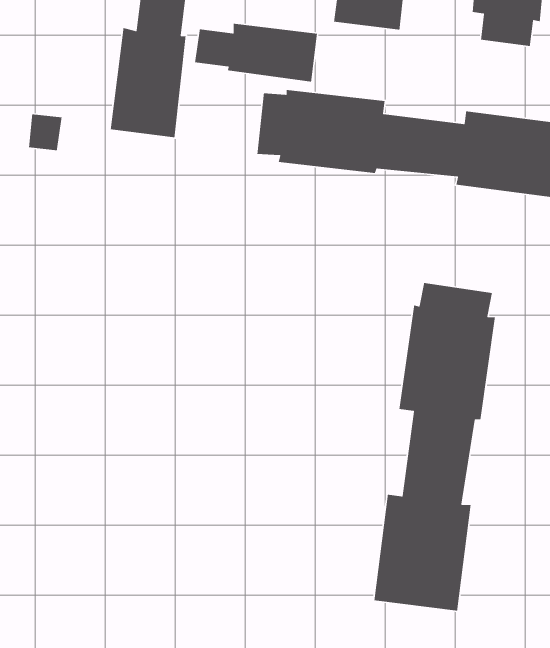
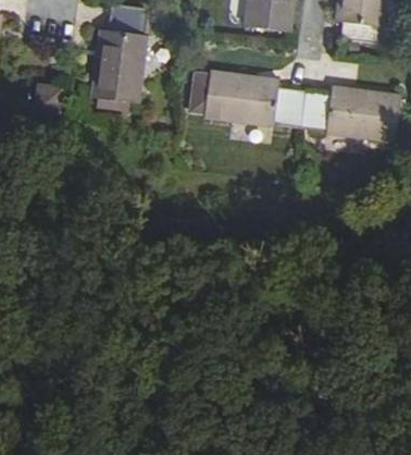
building: [194,23,318,82] -> none
building: [373,282,496,612] -> none

